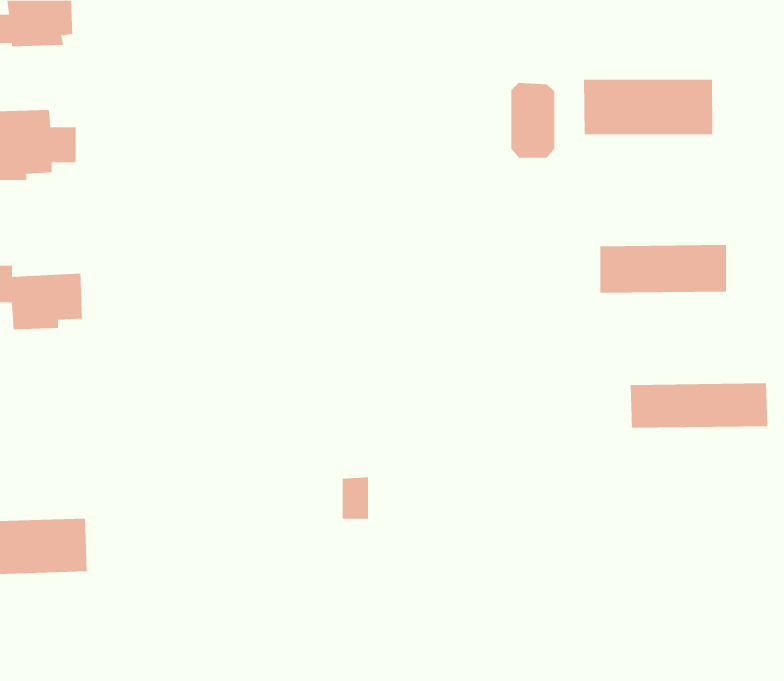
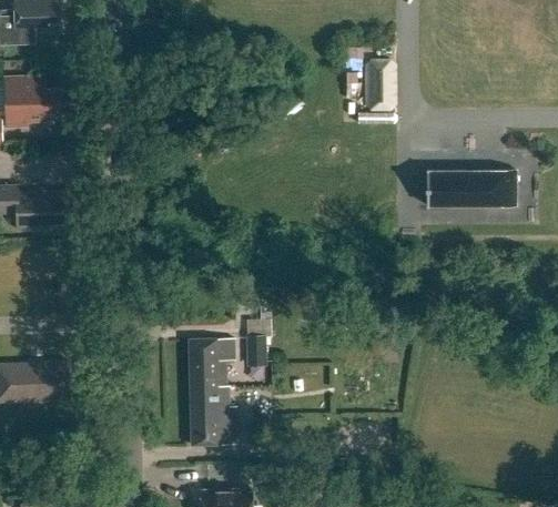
building: [583,79,713,135] -> none
building: [630,383,768,428] -> none
building: none -> [187,339,235,446]

